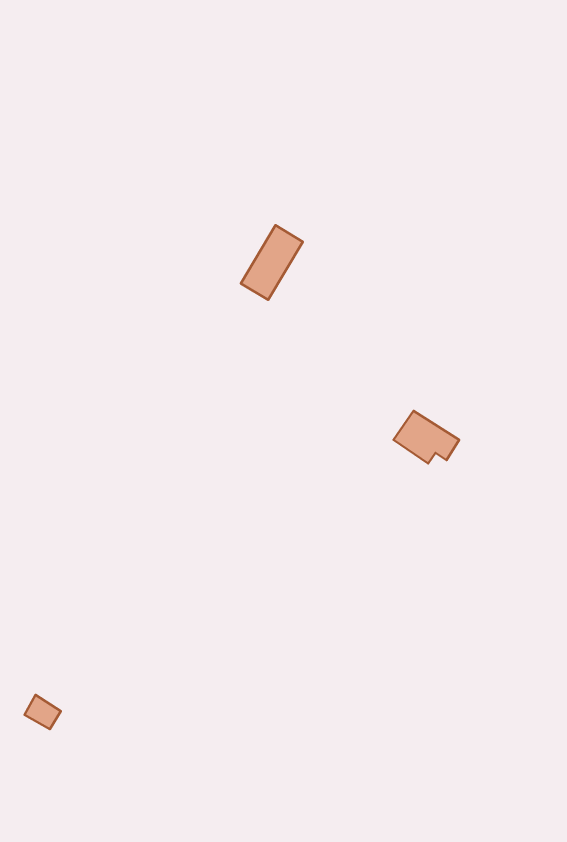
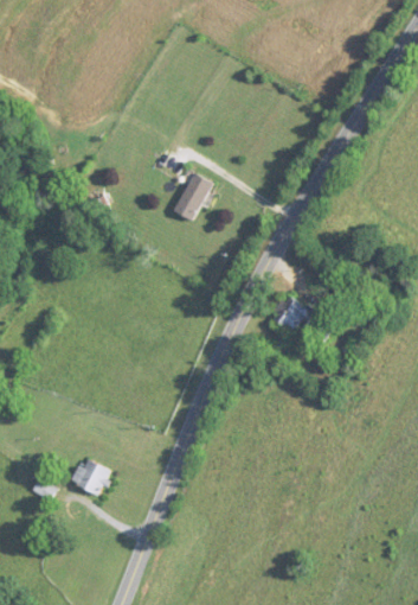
building: none -> [71,458,109,496]

